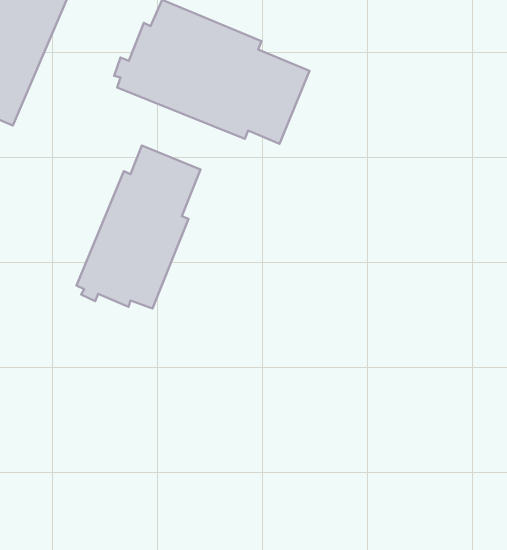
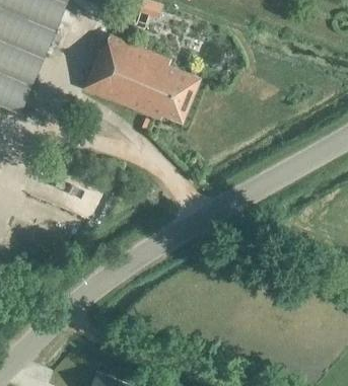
building: [77,146,200,309] -> none

